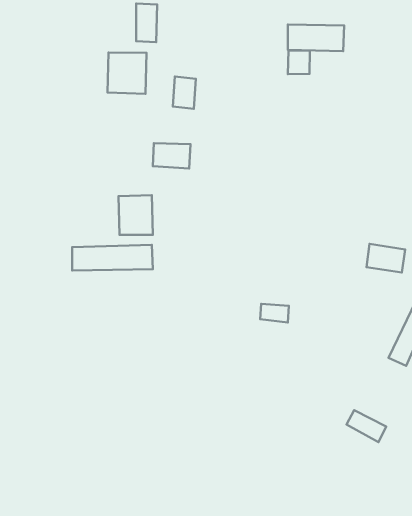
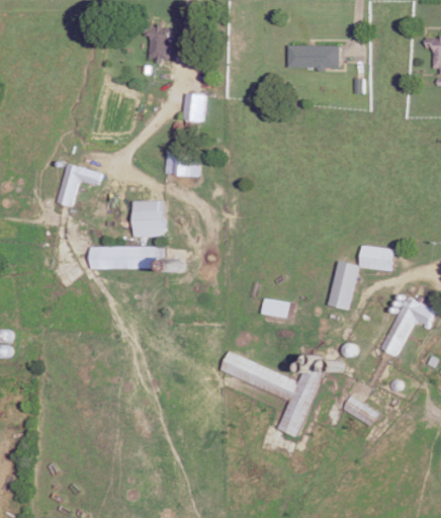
building: [288,50,310,74] -> none
building: [107,53,147,94] -> none
building: none -> [56,164,99,206]
building: none -> [328,260,359,310]
building: none -> [219,353,321,437]

